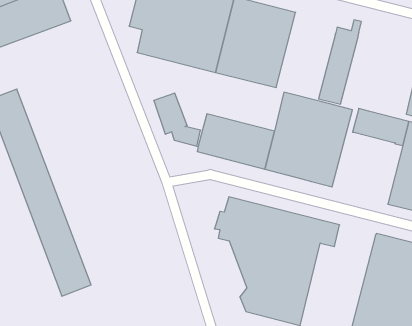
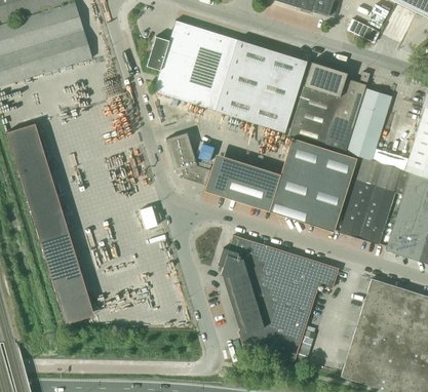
building: none -> [288,62,347,146]
building: none -> [345,88,391,160]
building: none -> [340,180,395,244]

